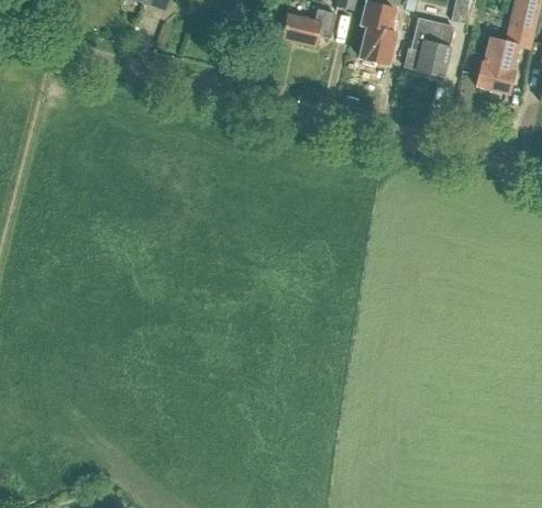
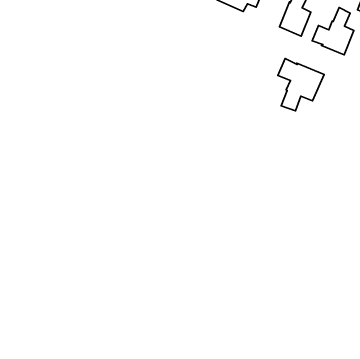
building: none -> [278,59,324,111]

